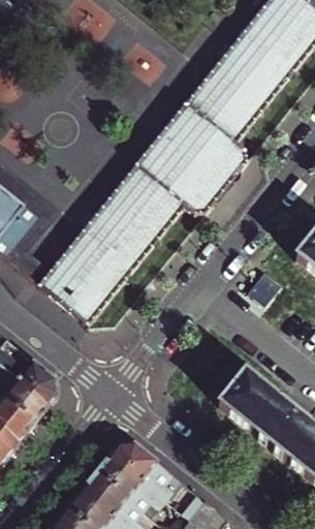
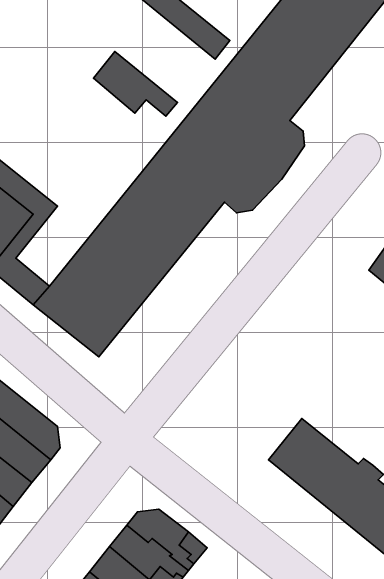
building: none -> [94,52,177,116]

